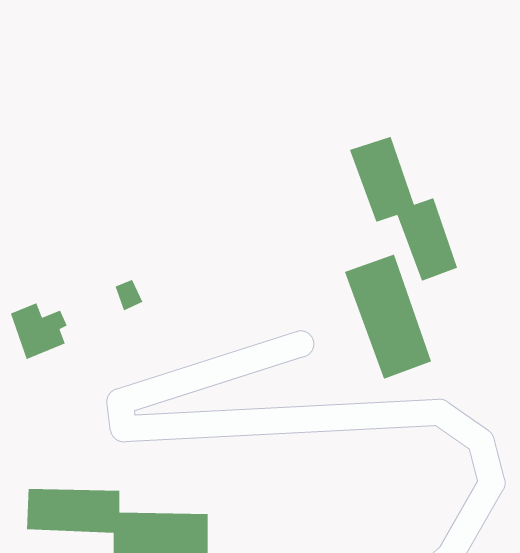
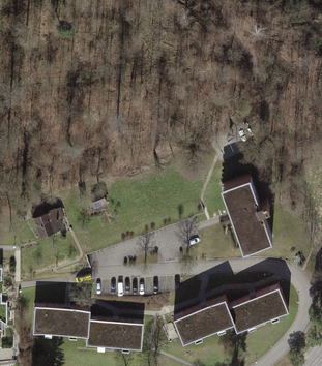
building: [349,136,458,282] -> none
building: none -> [172,284,287,338]

